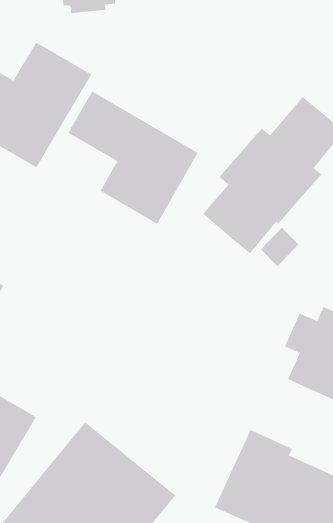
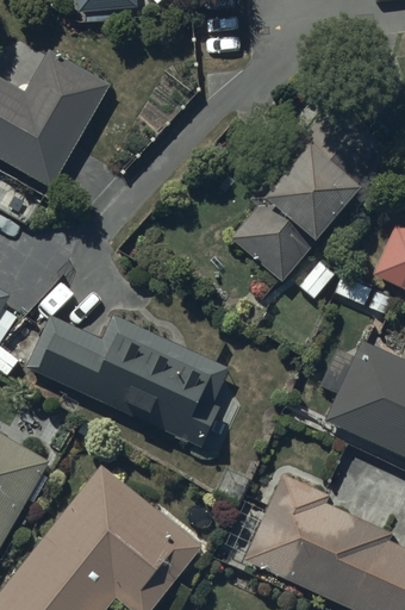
building: [68,91,199,225] -> none
building: none -> [25,315,230,446]

